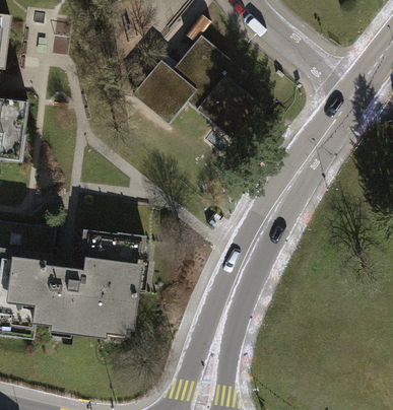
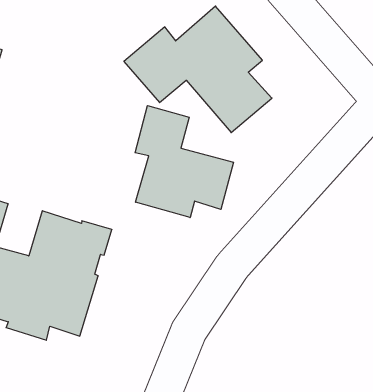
building: none -> [135,106,234,218]

